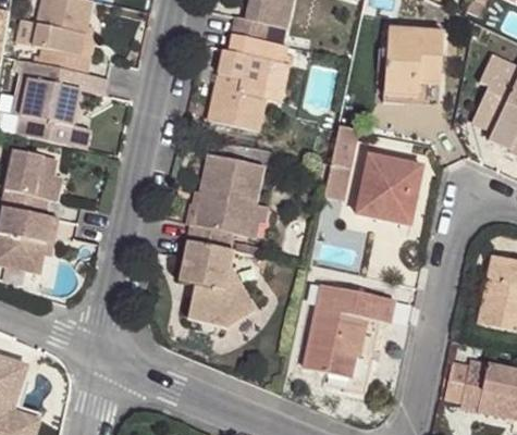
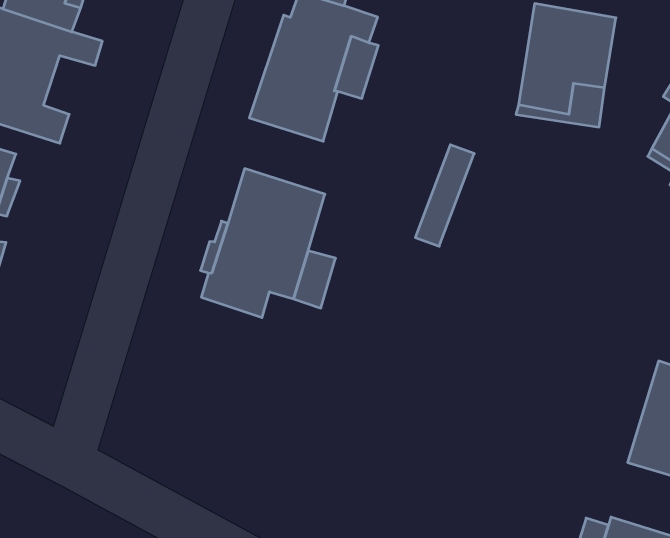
building: [356,154,421,224] -> none
building: [179,240,257,327] -> none
building: [304,284,394,377] -> none

